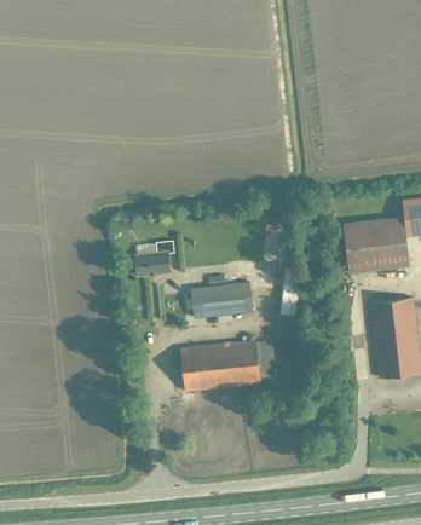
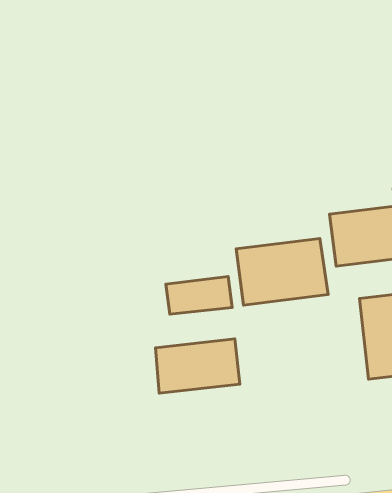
building: [135,240,174,275] -> none
building: none -> [236,238,328,305]

